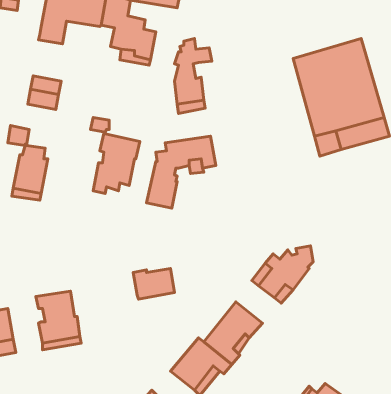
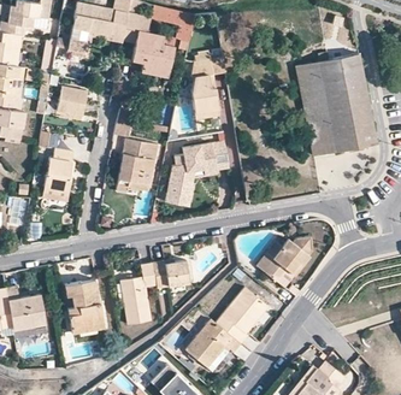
building: none -> [120,264,155,325]

